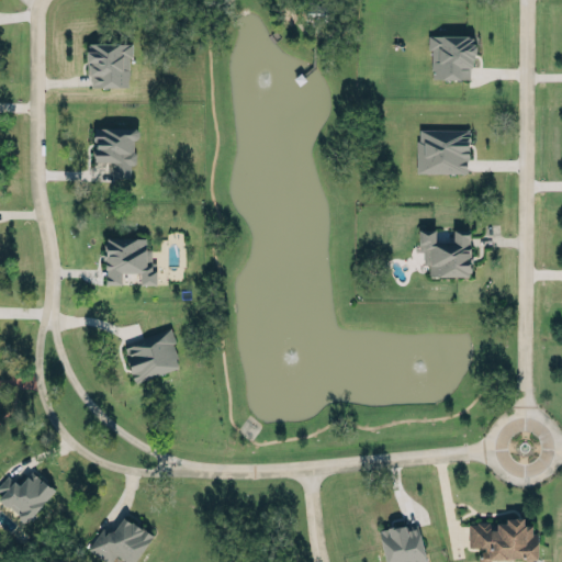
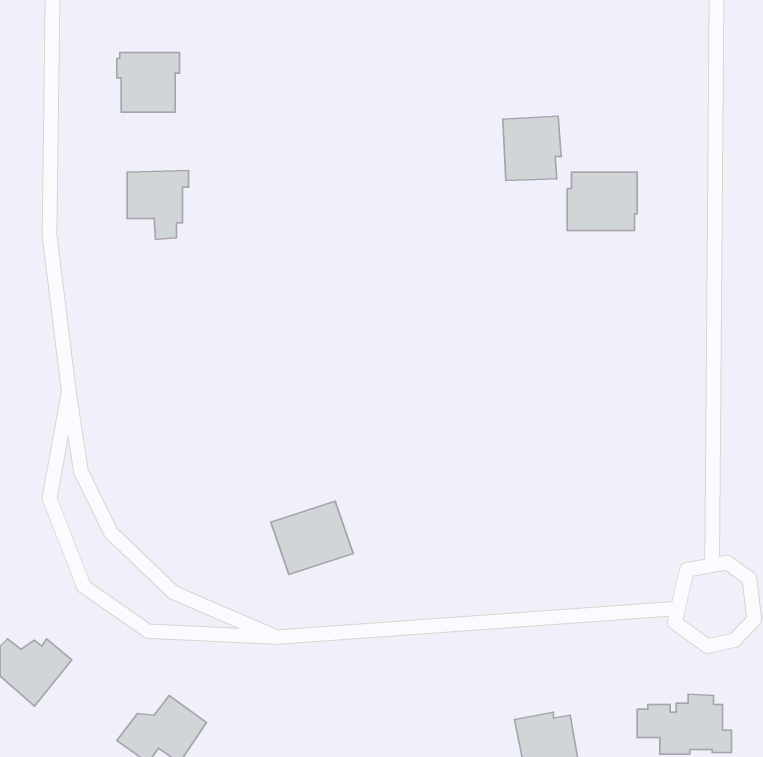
building: [430,36,473,83] -> [503,116,561,180]
building: [420,231,477,276] -> none
building: [104,235,158,285] -> none
building: [122,333,182,386] -> [271,501,353,575]

